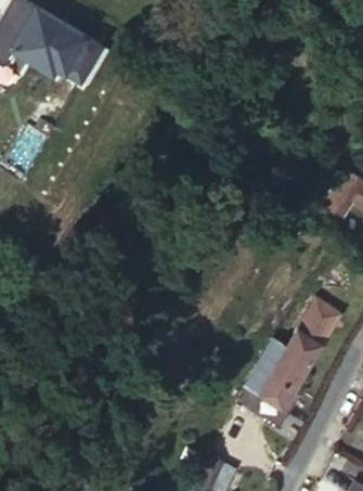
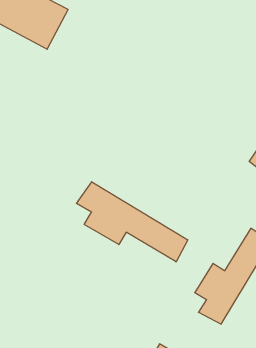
building: none -> [76,182,188,262]

